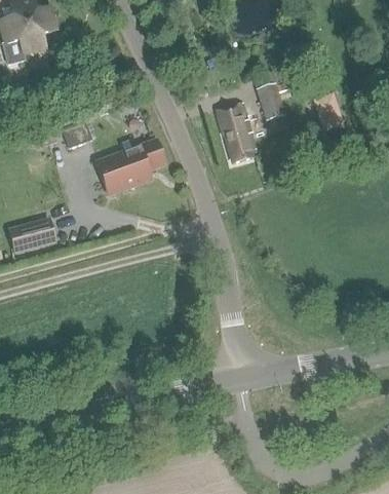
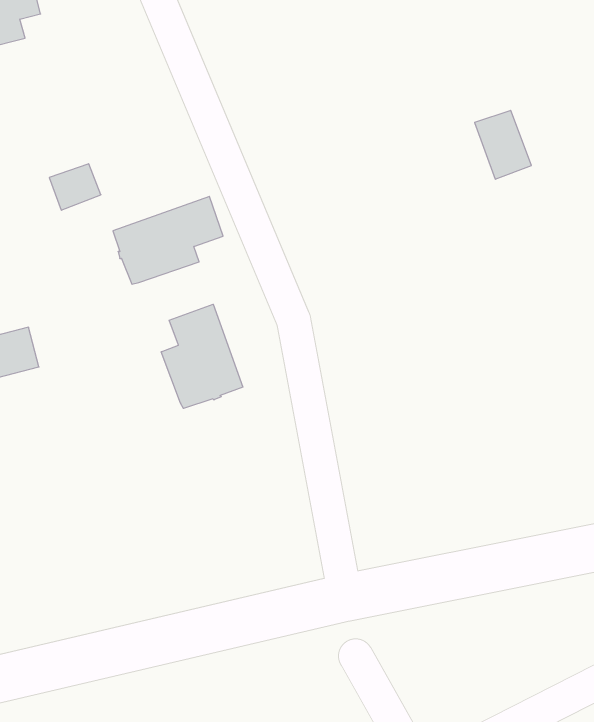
building: [256,81,284,118] -> none
building: [216,101,255,161] -> none
building: none -> [161,304,243,408]

